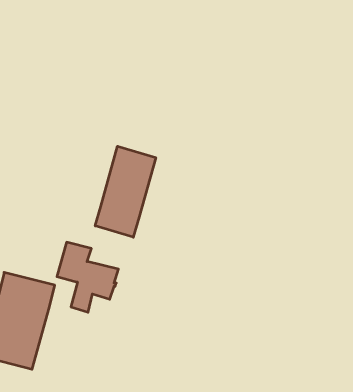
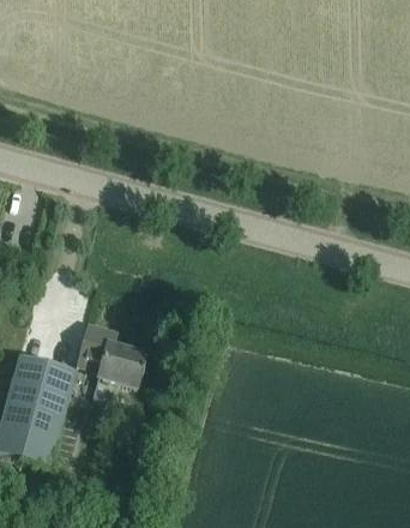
building: [95,146,156,237] -> none

